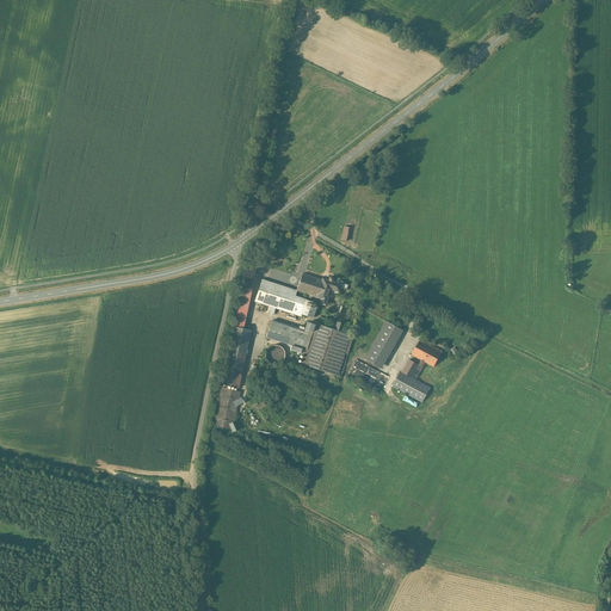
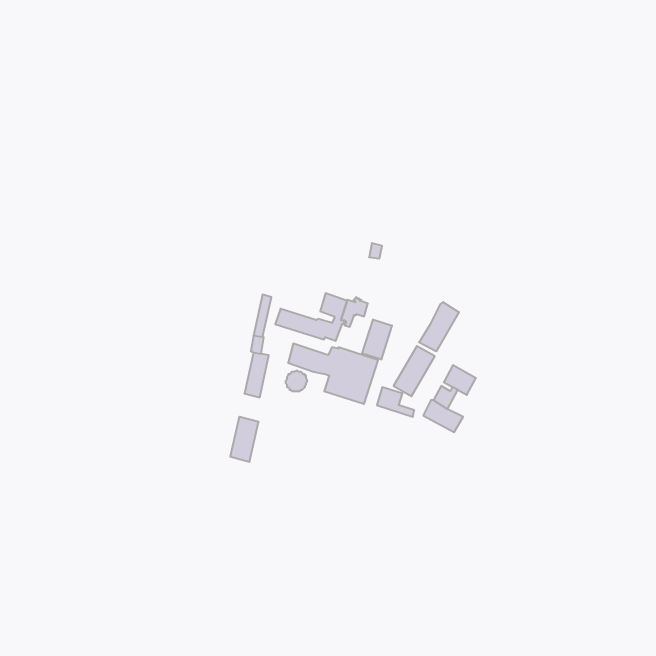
building: none -> [419,302,459,351]
building: none -> [362,319,392,360]

